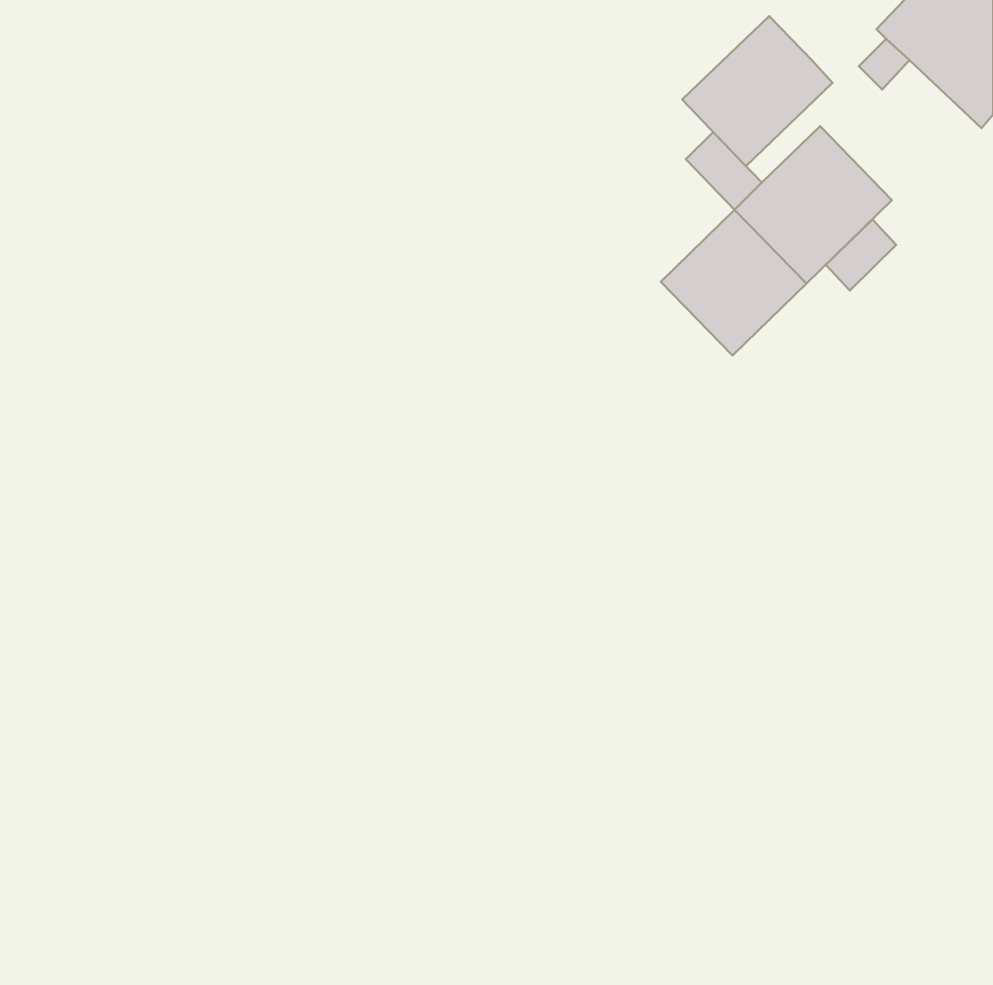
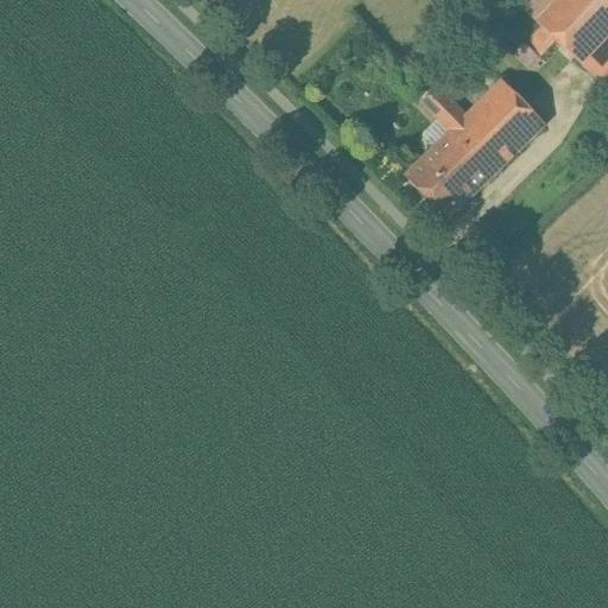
building: [682,16,833,166] -> none
building: [826,219,896,290] -> none

